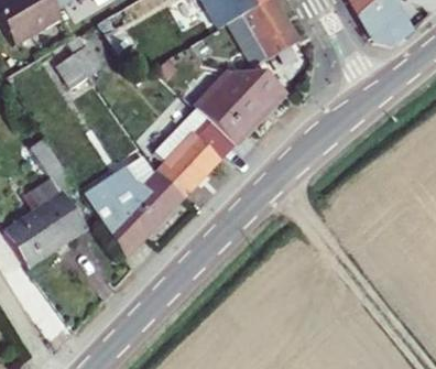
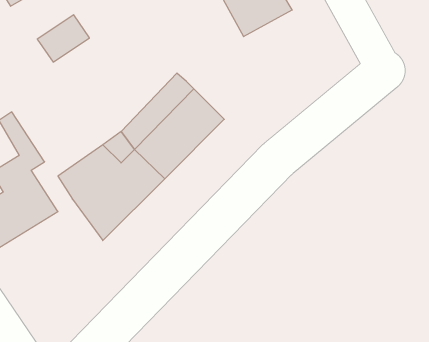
building: [201,74,285,144] -> none

